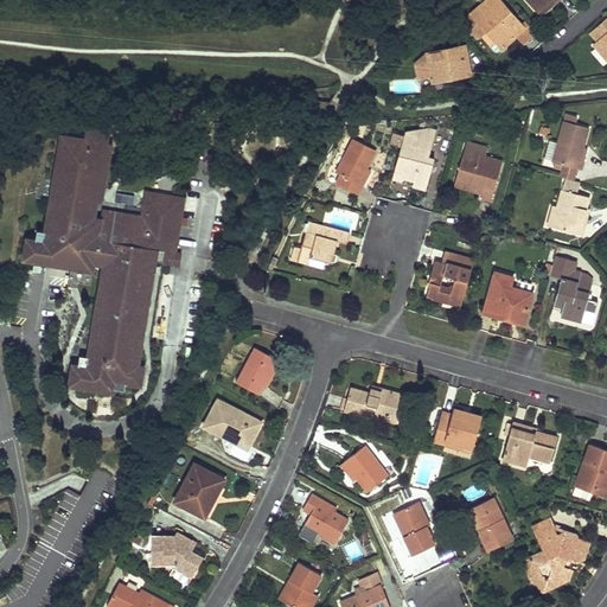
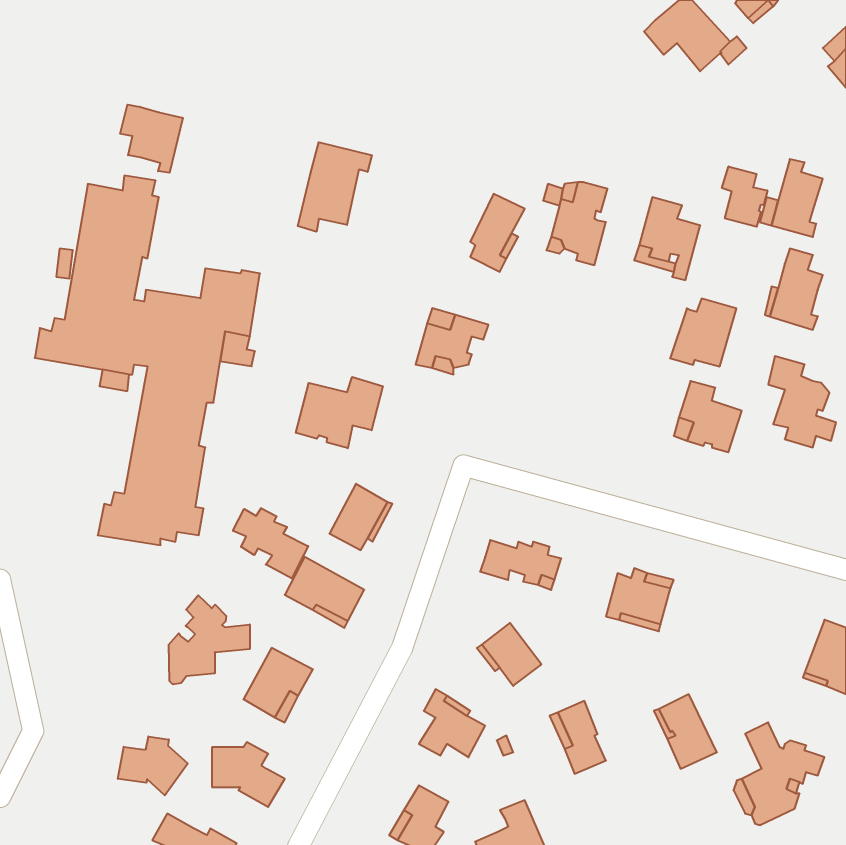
building: [415,46,469,84] -> none
building: none -> [120,105,183,173]
building: none -> [298,142,372,232]
building: none -> [722,166,767,227]
building: [427,255,474,304] -> [670,299,736,366]
building: none -> [296,377,383,448]
building: none -> [233,508,308,578]
building: [503,422,557,466] -> none
building: none -> [169,595,250,684]
building: none -> [118,736,188,795]

